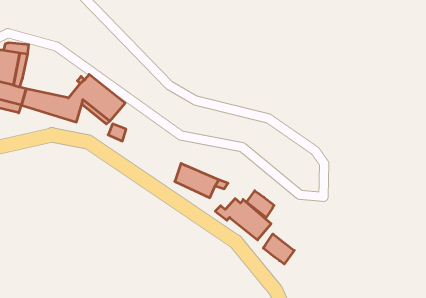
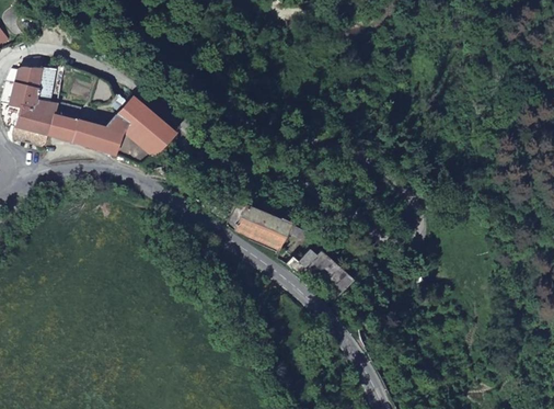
building: [246,191,274,217] -> none
building: [263,234,294,264] -> none

